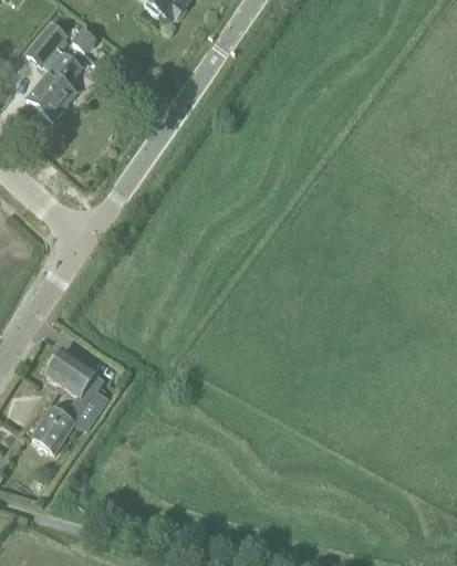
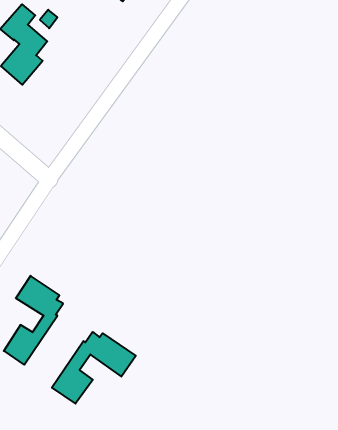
building: none -> [52,332,136,404]

